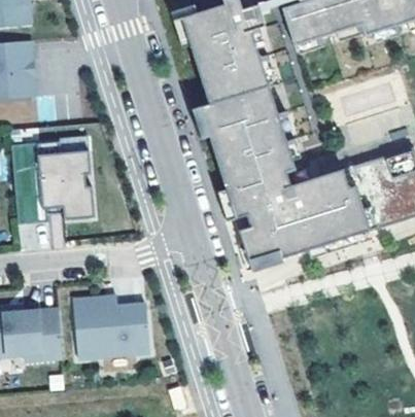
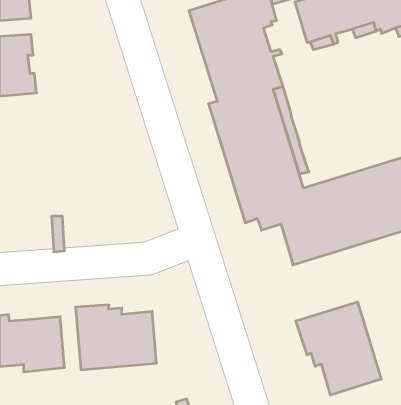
building: [11,140,95,221] -> none
building: [238,218,278,258] -> none
building: none -> [296,302,381,395]

